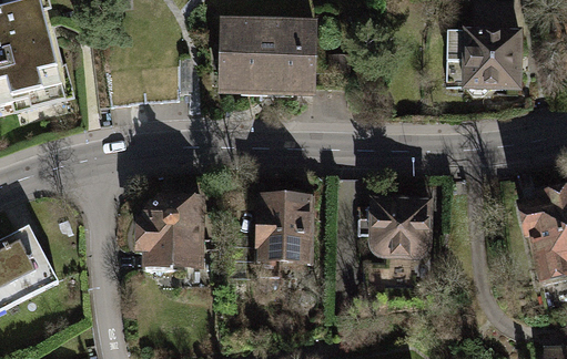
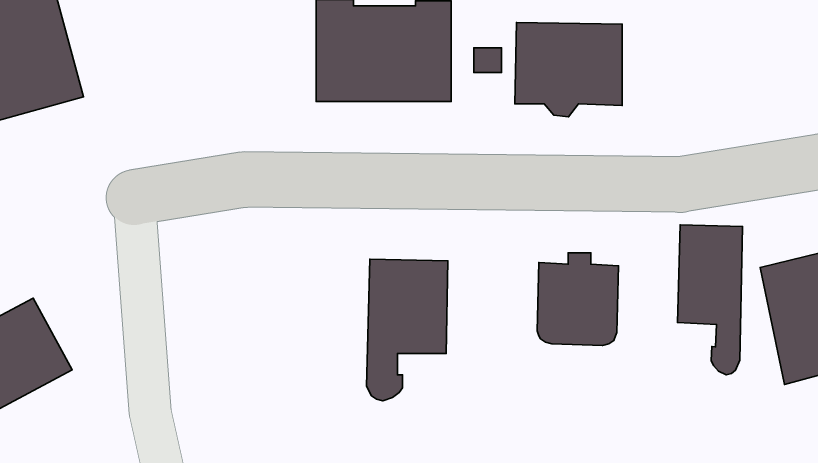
building: [446,30,519,94] -> [515,23,622,117]
building: none -> [678,225,743,375]
building: [139,196,201,269] -> none

